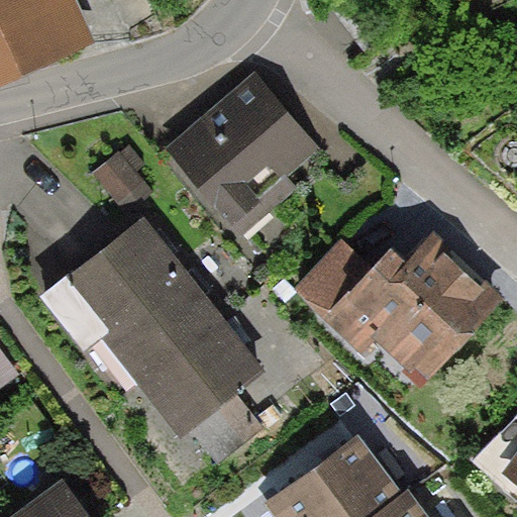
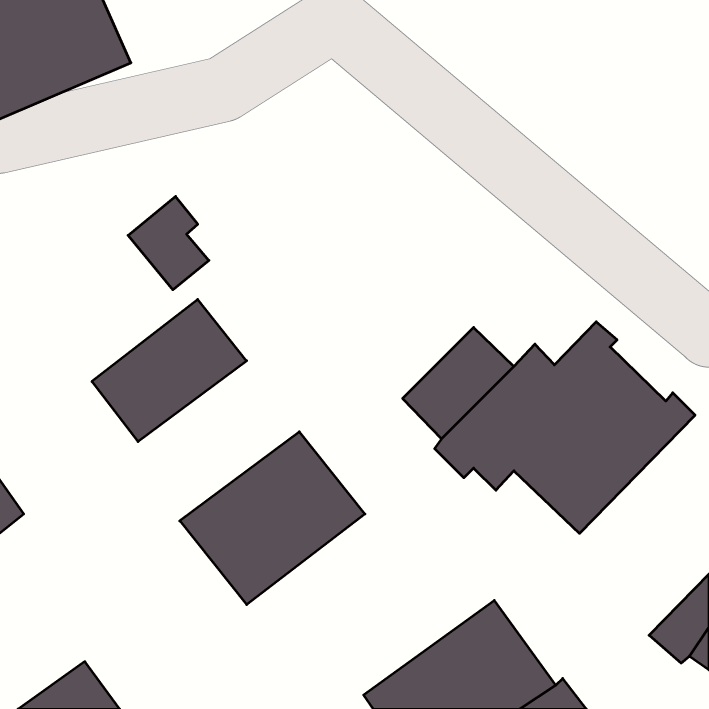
building: [164,71,319,236] -> none
building: [100,262,217,378] -> none

